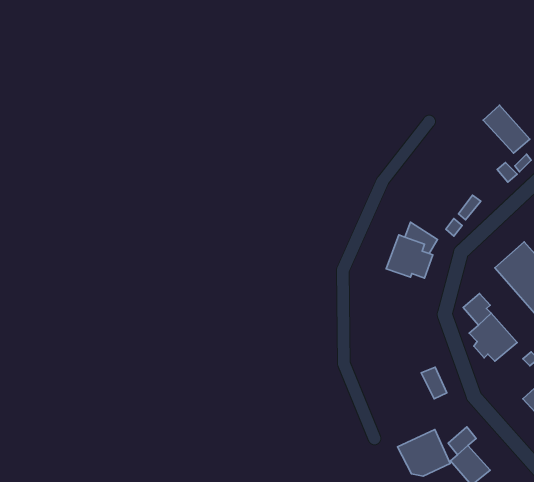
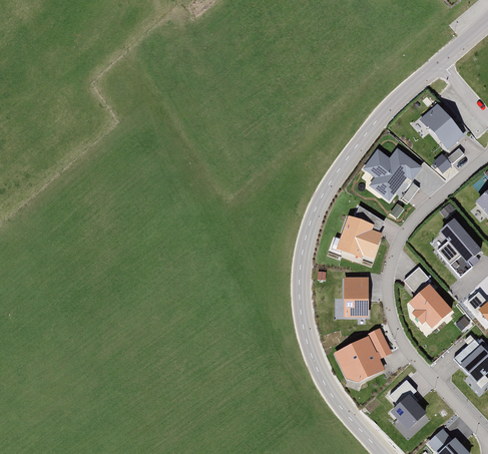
building: none -> [366,150,420,196]
building: none -> [344,279,366,316]
building: [397,429,450,476] -> [335,339,380,379]

